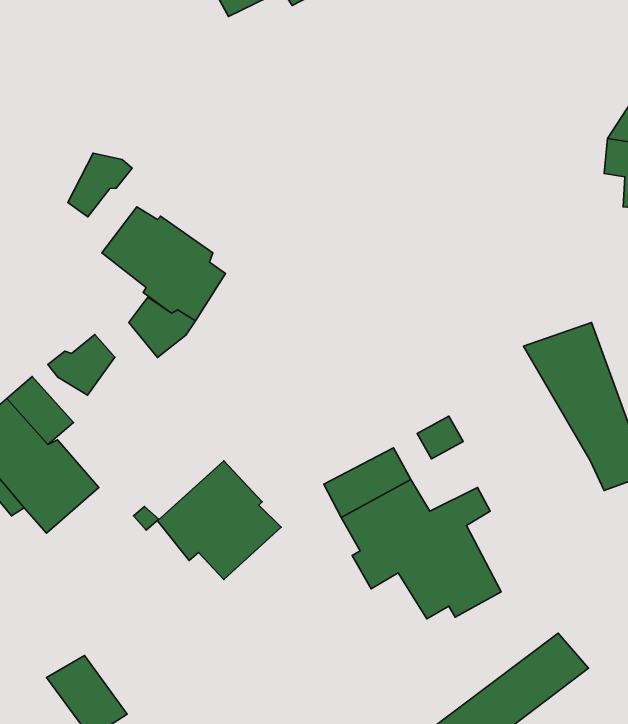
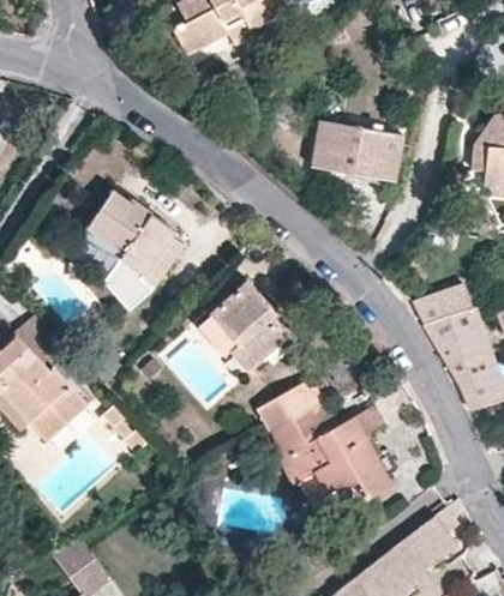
building: none -> [313,122,400,180]
building: [68,153,132,217] -> none
building: [48,335,115,395] -> none
building: [157,461,281,580] -> [198,282,292,372]

